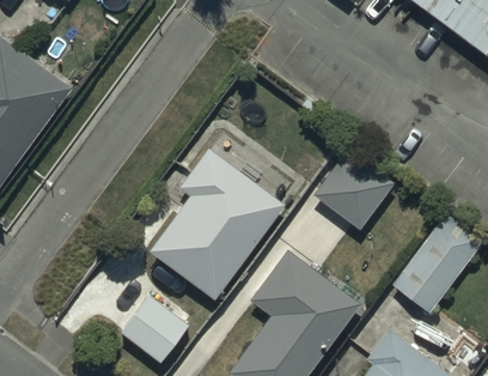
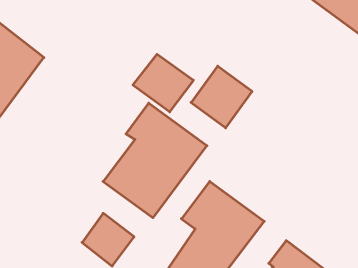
building: none -> [133,54,193,112]
building: [315,147,395,229] -> [191,66,252,128]
building: [394,229,472,313] -> none

